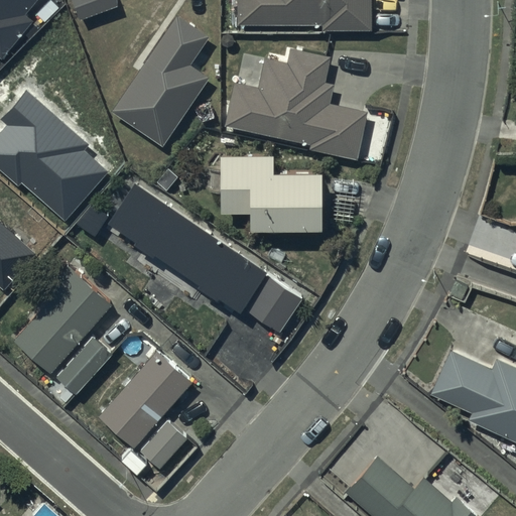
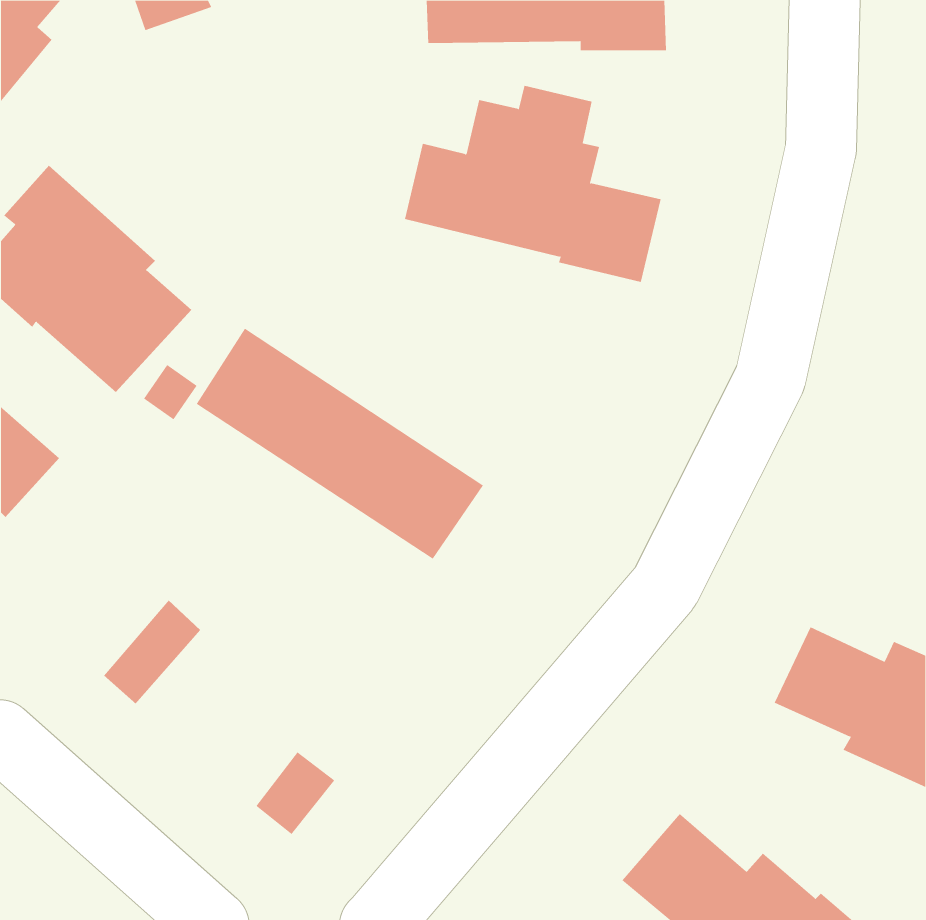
building: [113,16,209,146] -> none
building: [222,155,322,230] -> none
building: [13,268,110,374] -> none
building: [247,277,304,335] -> none
building: [100,351,194,448] -> none

